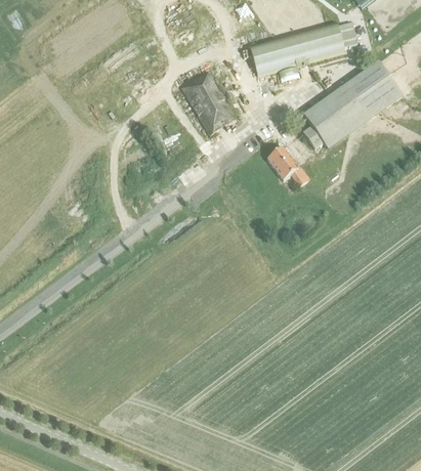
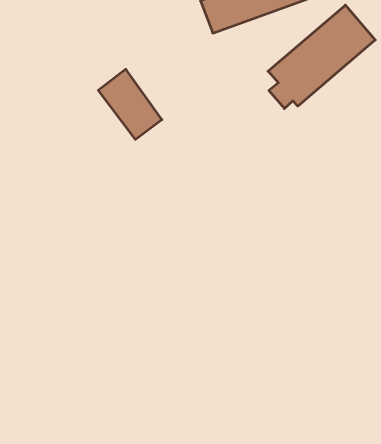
building: [181,71,236,134] -> [98,69,162,139]
building: [266,146,305,181] -> none

